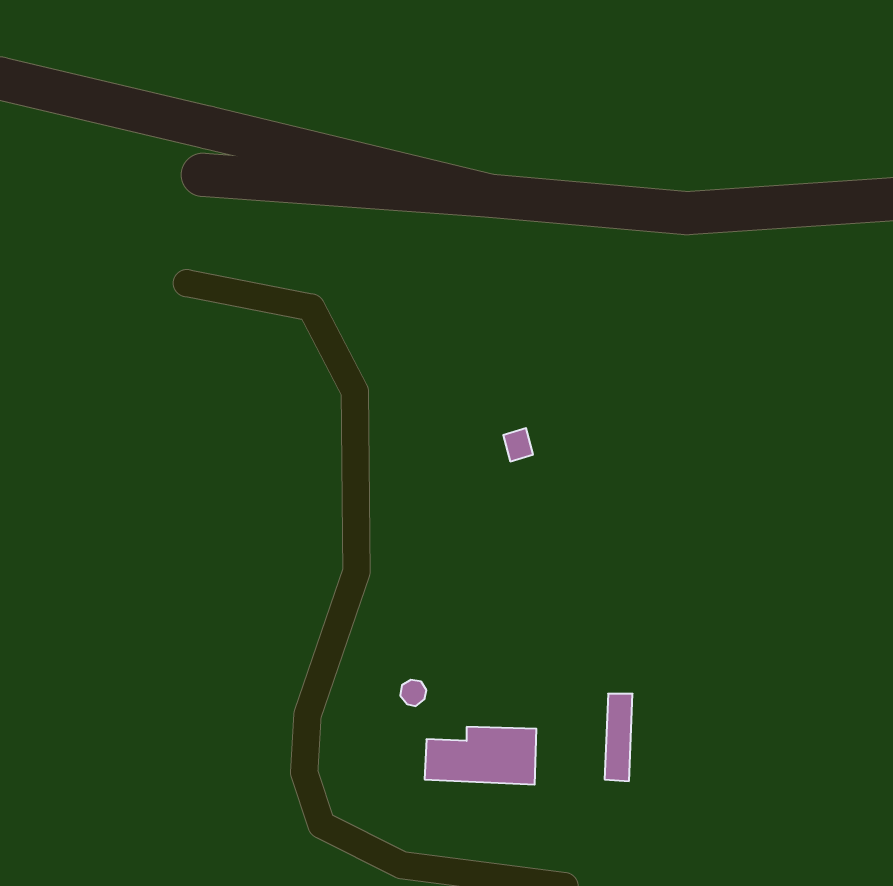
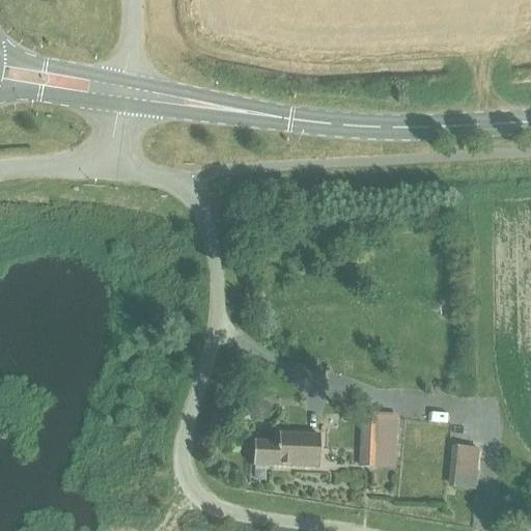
building: none -> [454,445,479,486]

